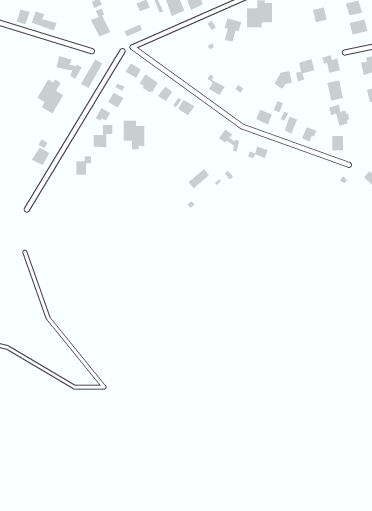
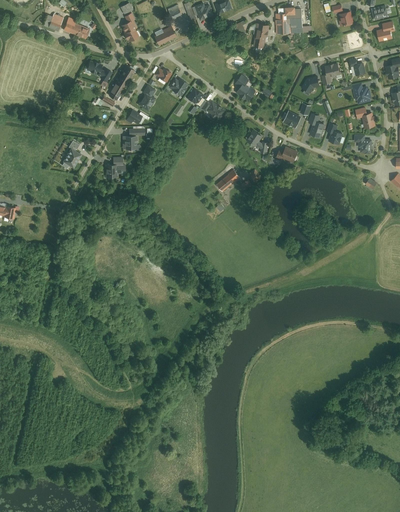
building: [36,79,64,114] -> none
building: [123,120,145,150] -> none

